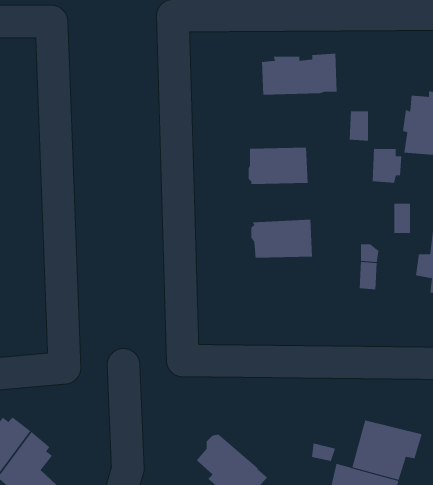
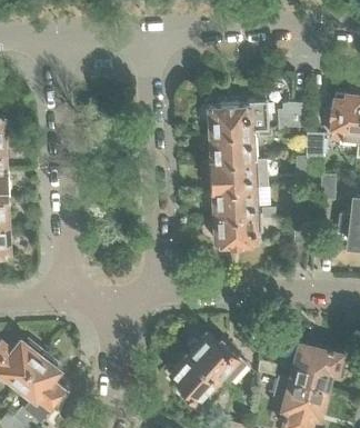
building: [261,53,338,95] -> [210,101,269,133]
building: none -> [210,160,259,190]
building: none -> [216,217,261,247]
building: none -> [188,332,247,388]

